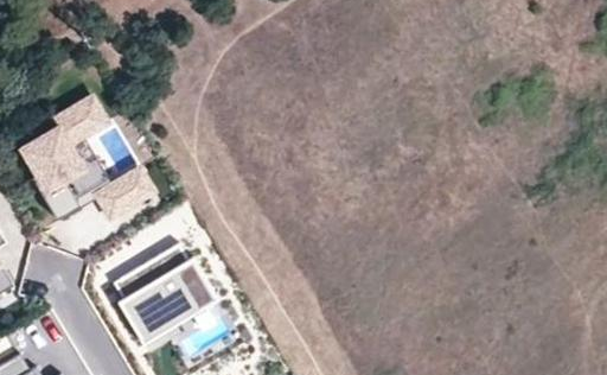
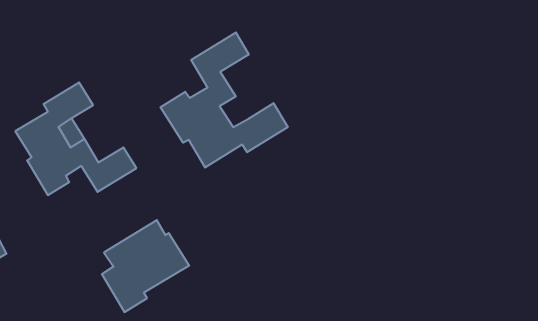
building: none -> [161,32,288,168]

